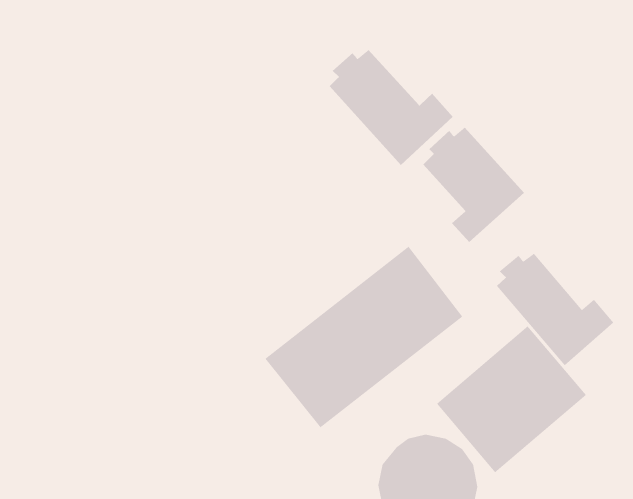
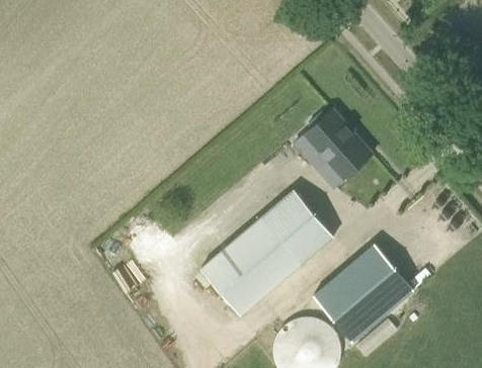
building: [329,49,453,166] -> none
building: [496,253,614,366] -> none

